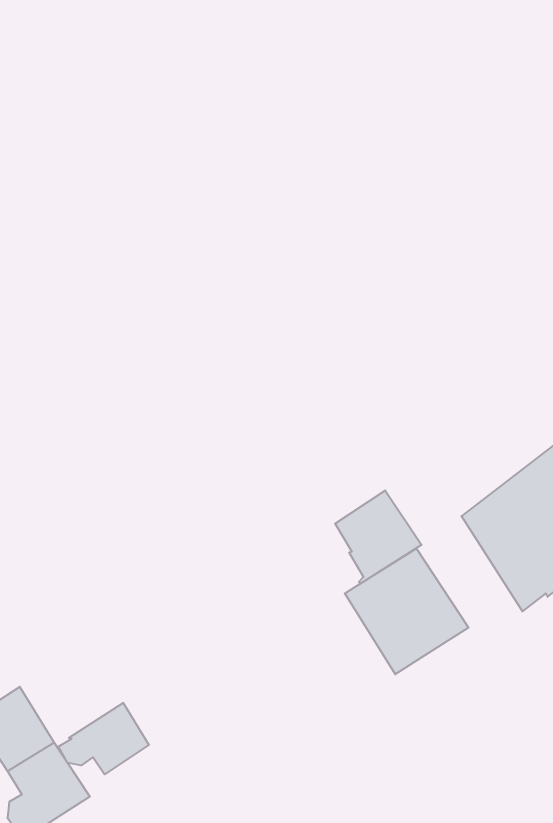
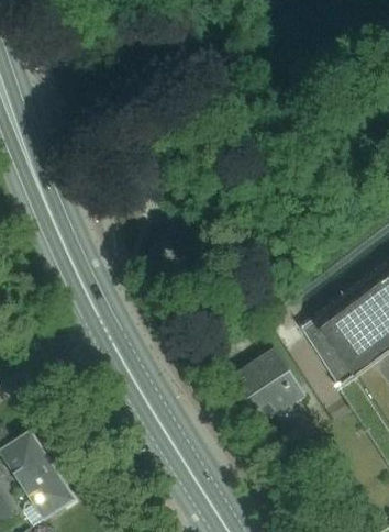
building: [335,490,422,584] -> none
building: [59,703,149,774] -> none

